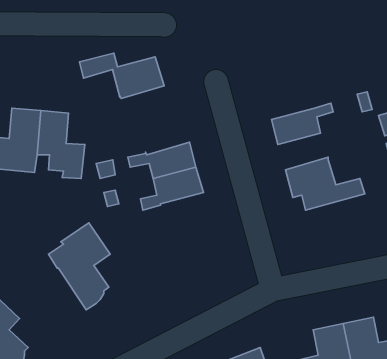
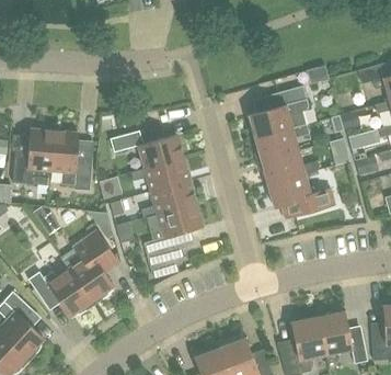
building: [80,53,164,98] -> [111,130,184,170]
building: none -> [249,86,309,139]
building: none -> [261,151,319,183]
building: none -> [143,203,203,269]
building: none -> [28,269,94,316]

